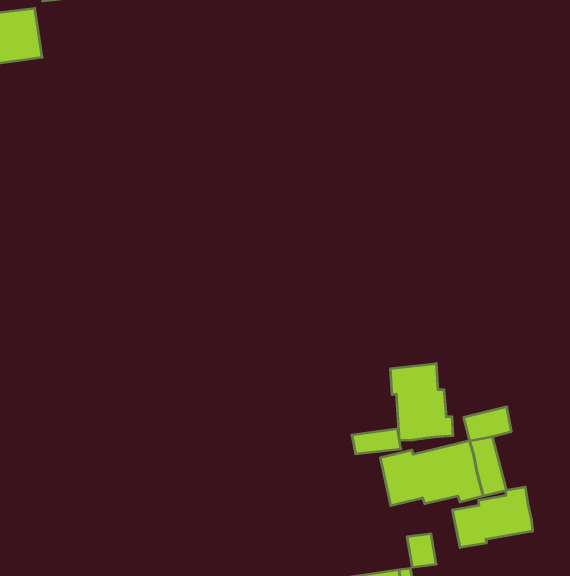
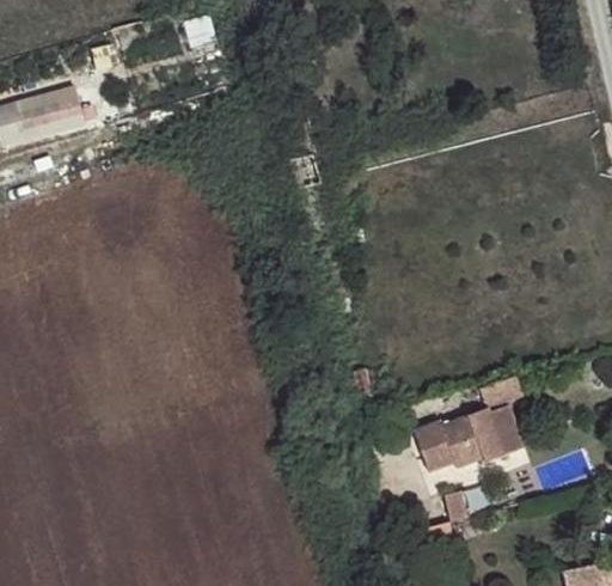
building: [391,363,453,440] -> none
building: [453,487,532,548] -> none

